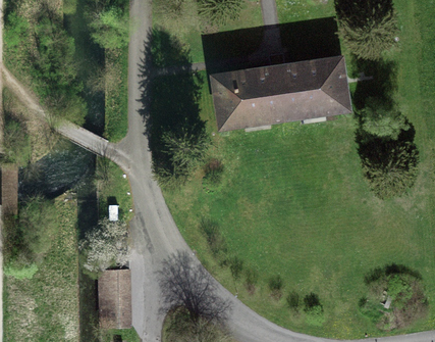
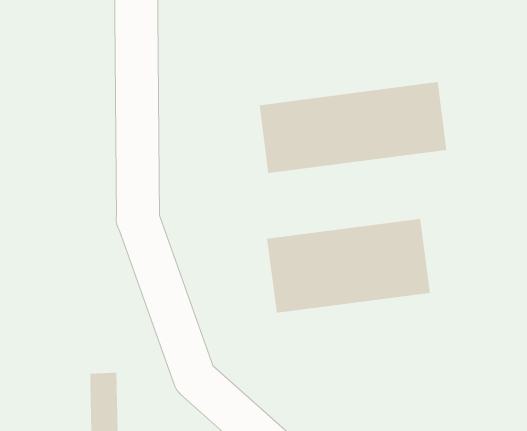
building: none -> [267,218,430,314]

